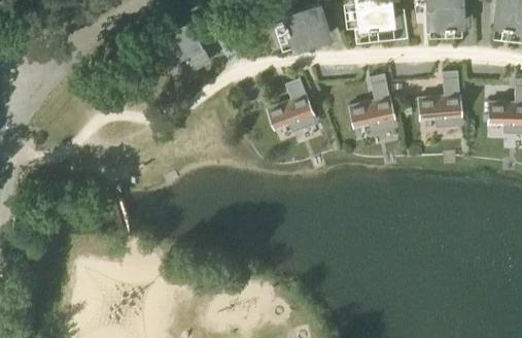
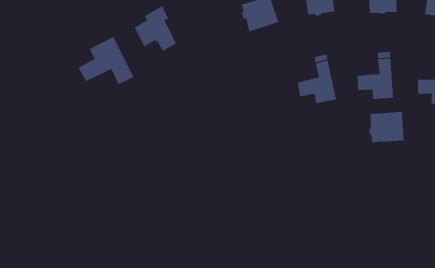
building: none -> [78,36,134,85]
building: [267,79,316,132] -> none
building: none -> [369,111,404,143]

